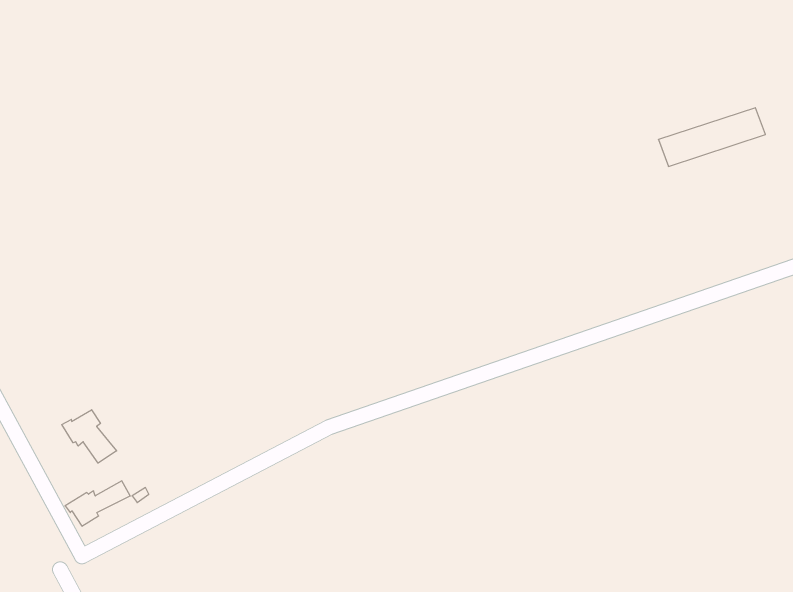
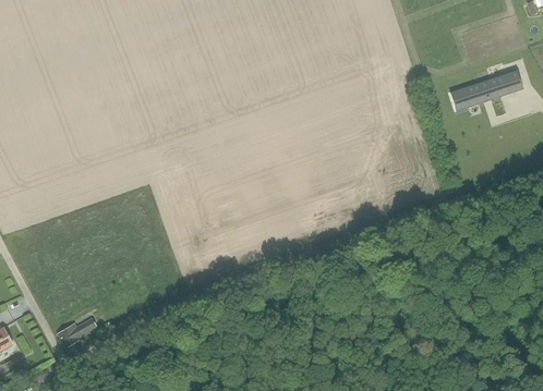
building: [62,410,117,463] -> none

